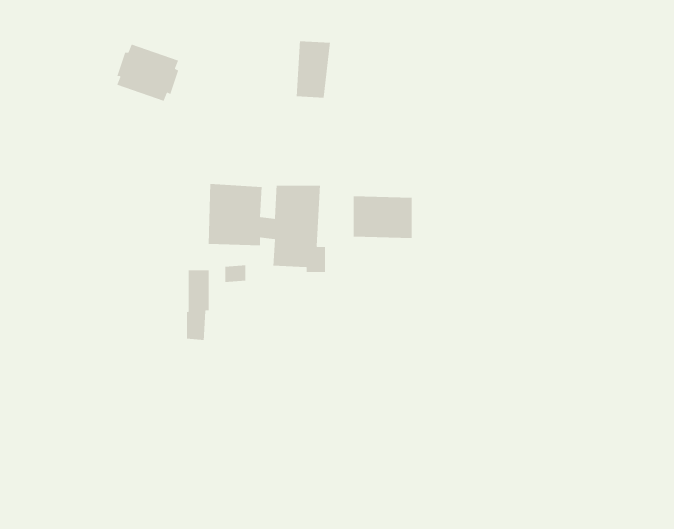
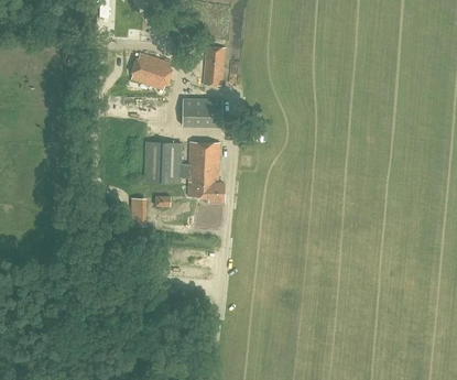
building: [116,44,179,102] -> [130,52,172,90]
building: [353,196,413,239] -> [182,98,221,127]

